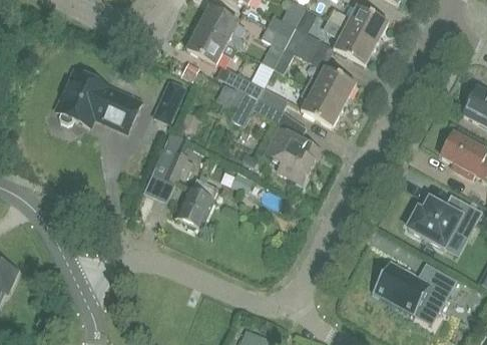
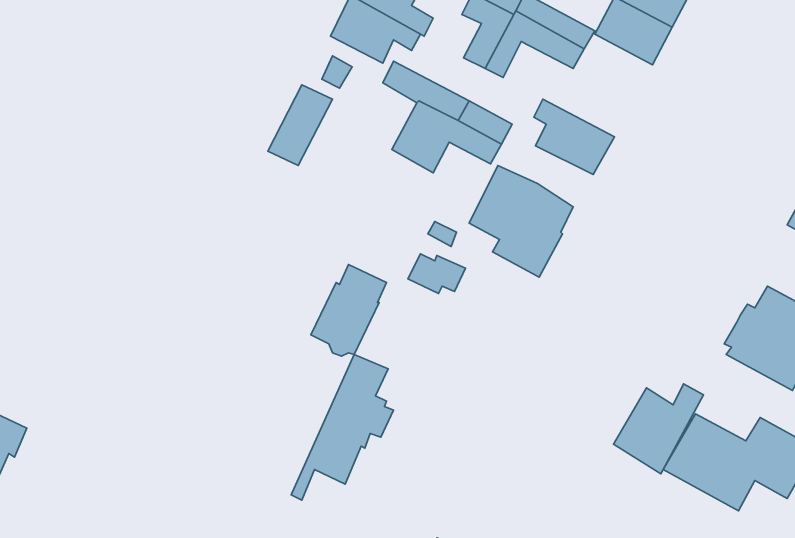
building: [305,60,358,106] -> none
building: [56,70,140,131] -> none
building: [135,130,192,212] -> [291,354,394,500]
building: none -> [613,384,703,474]

